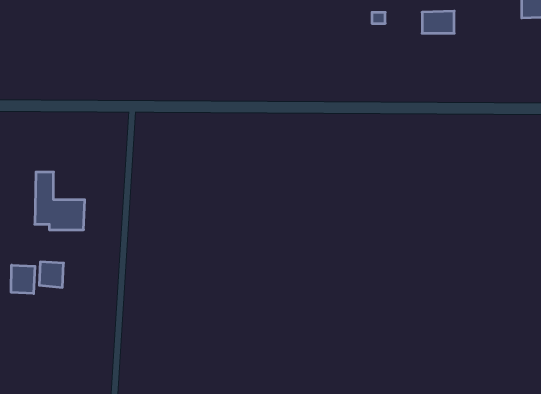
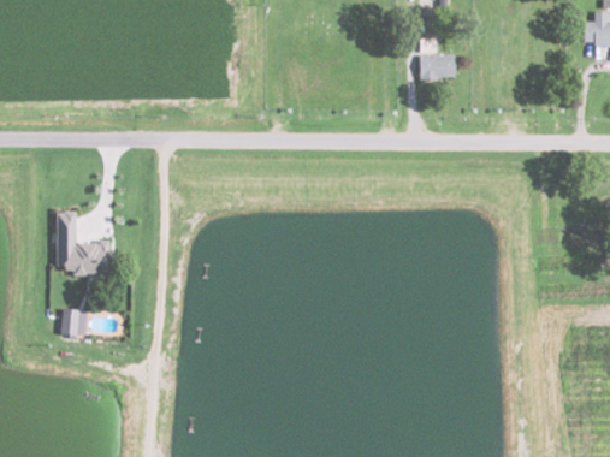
building: [422,11,454,33] -> [421,54,456,78]
building: [11,265,35,294] -> none

